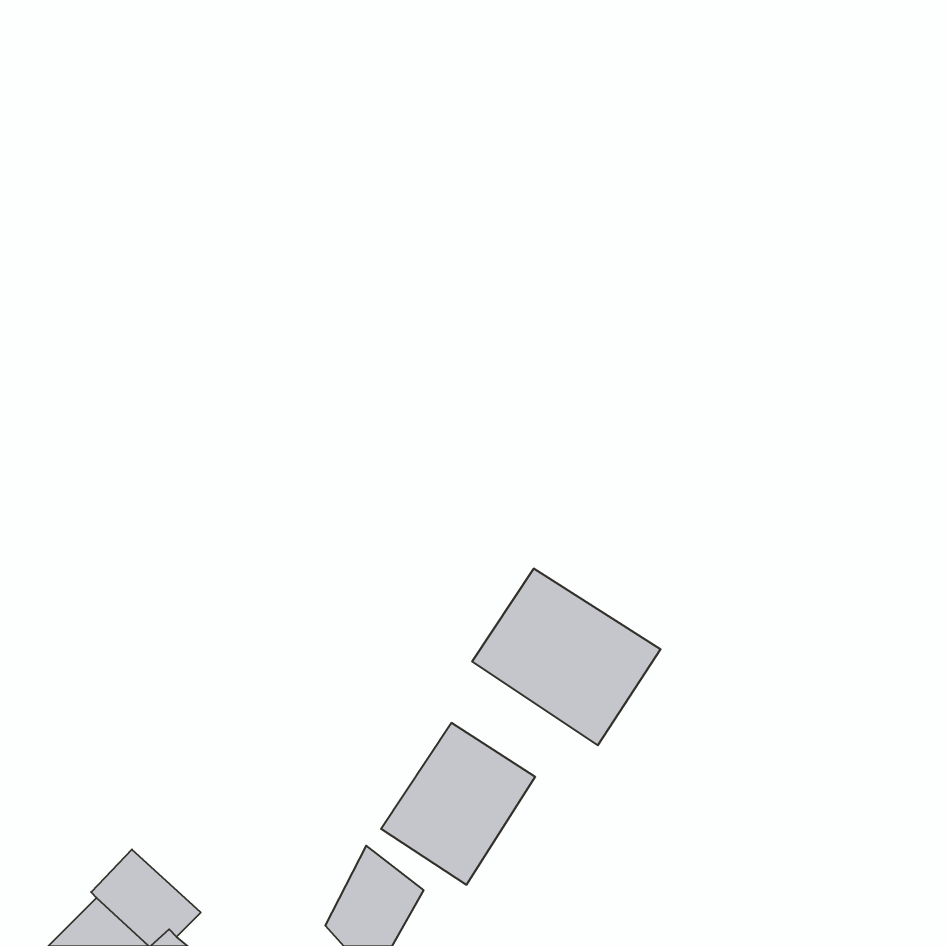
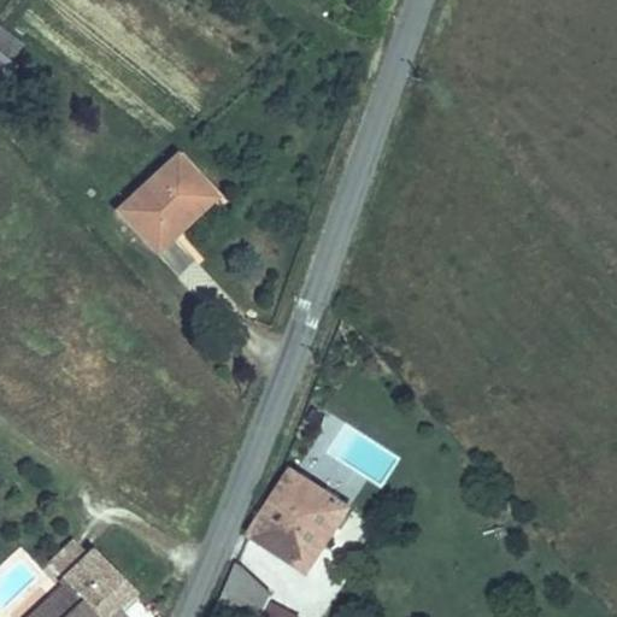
building: none -> [116,153,218,253]
building: [472,568,661,745] -> none

